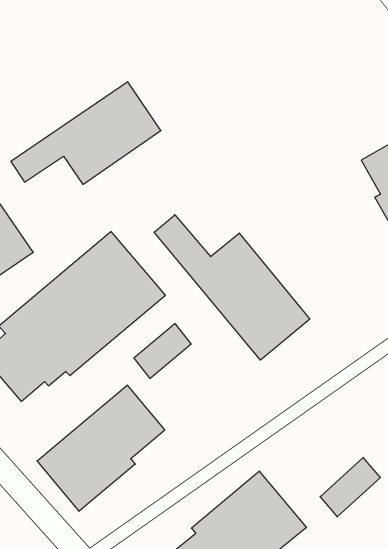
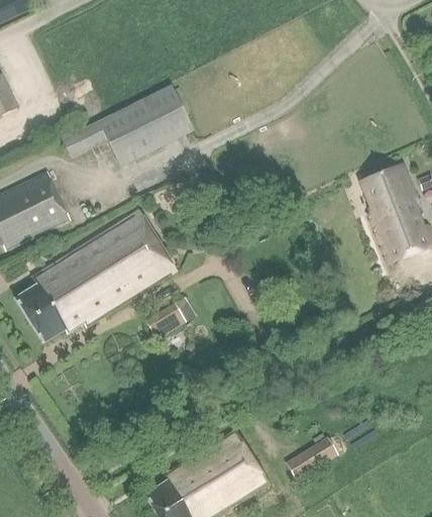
building: [154,215,310,360] -> none
building: [37,385,165,511] -> none

